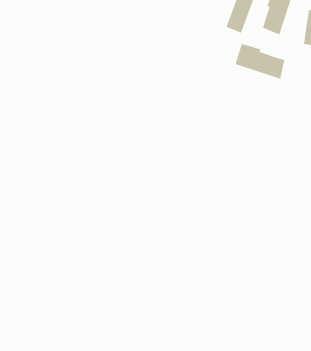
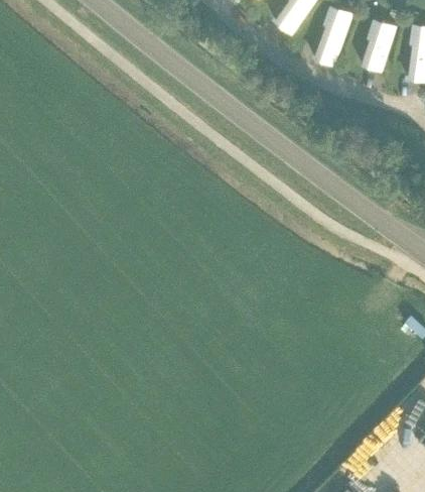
building: [235,43,285,80] -> none

